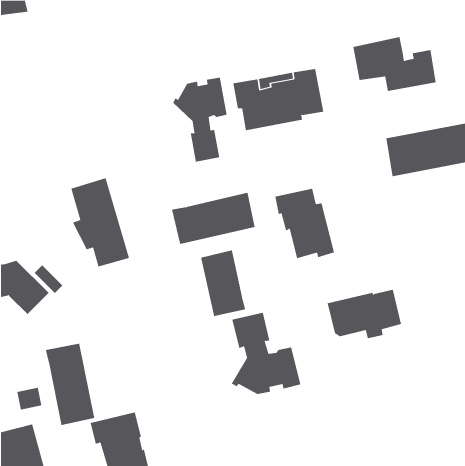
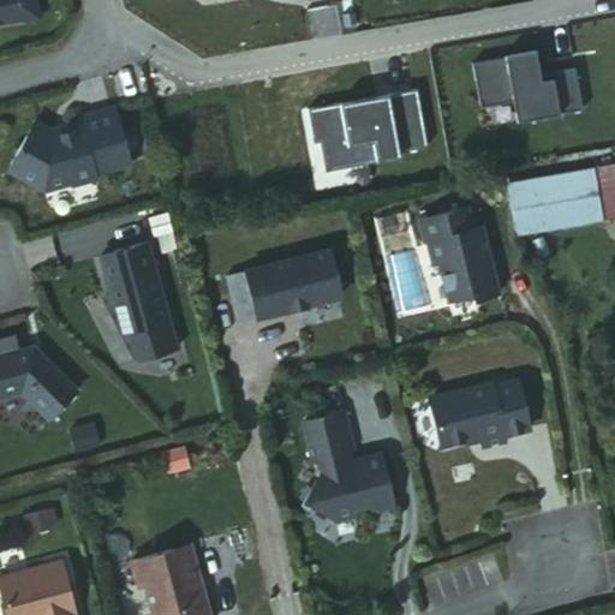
building: [172,77,227,163] -> none
building: none -> [10,108,131,190]
building: [274,188,335,259] -> [422,209,501,301]
building: [200,249,246,317] -> none
building: [45,343,95,426] -> none

